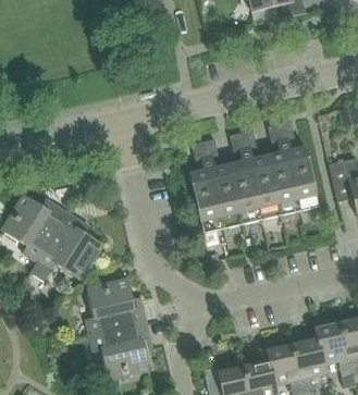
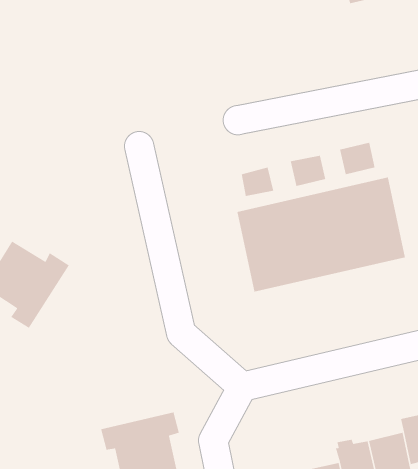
building: [27,212,102,284] -> none
building: [86,279,145,335] -> none

